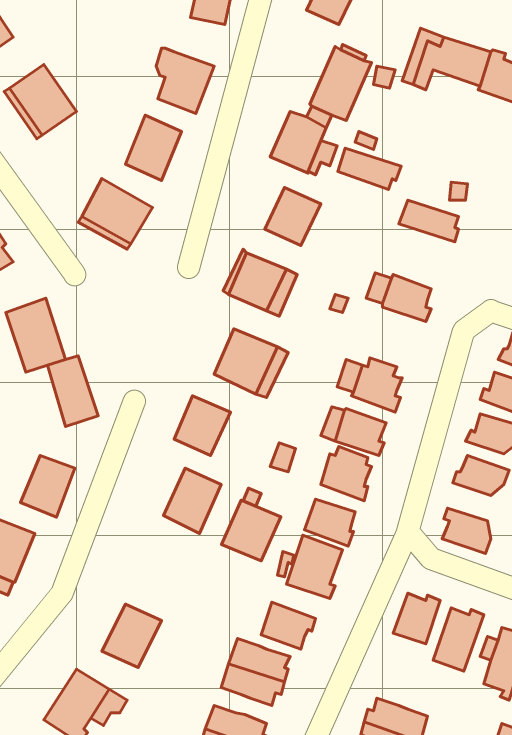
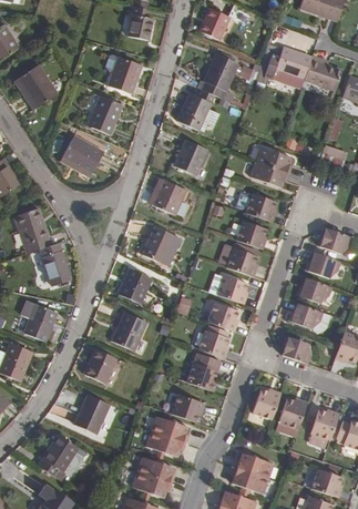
building: [338,148,401,190] -> [250,162,289,187]
building: none -> [236,221,267,250]
building: [221,500,281,561] -> none
building: none -> [84,348,115,383]

